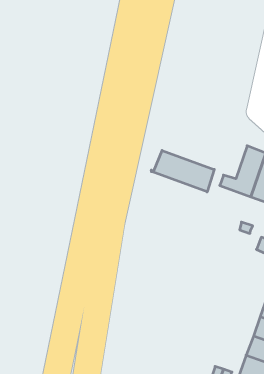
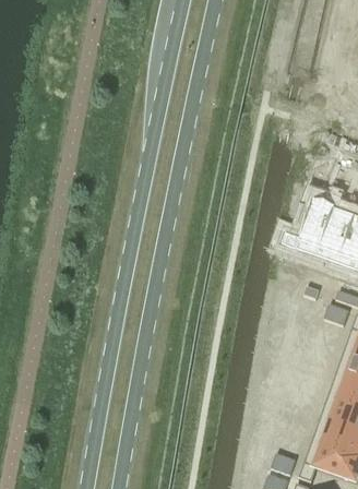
building: [151,150,214,192] -> none

